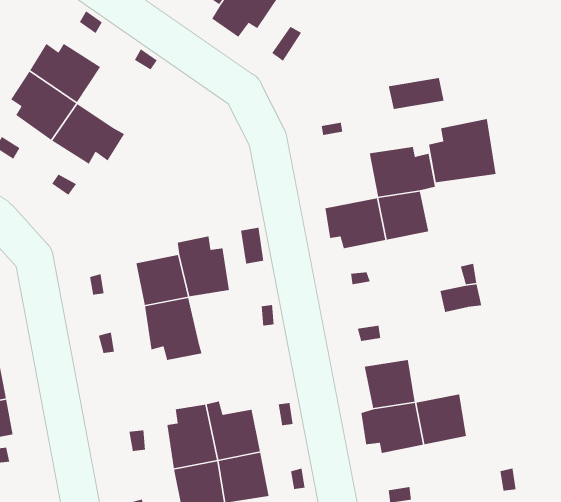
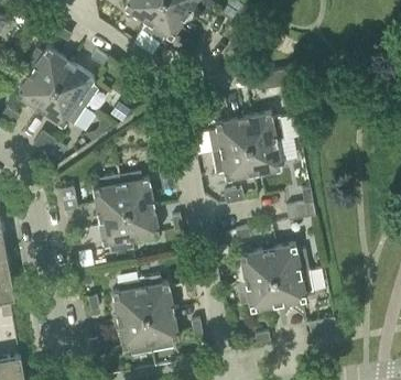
building: none -> [55,63,98,101]
building: [428,118,497,183] -> none
building: none -> [209,118,248,153]
building: none -> [127,206,159,239]
building: none -> [268,245,308,278]

